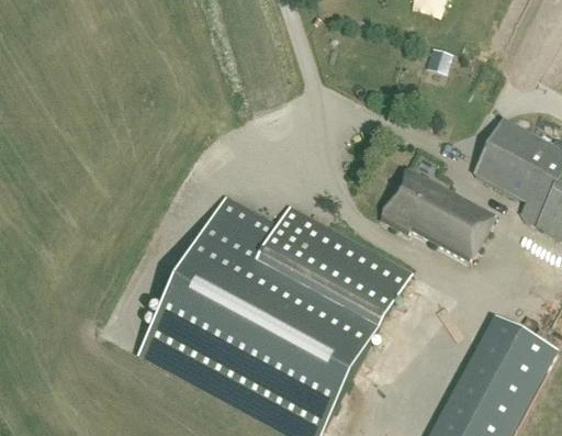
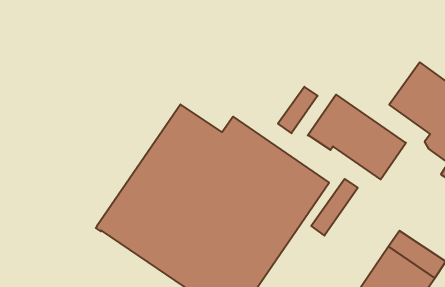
building: none -> [278,87,318,133]
building: none -> [311,179,358,236]

